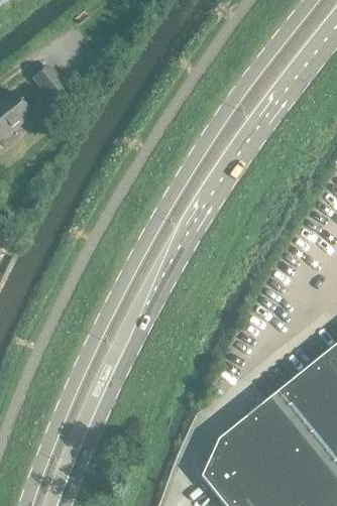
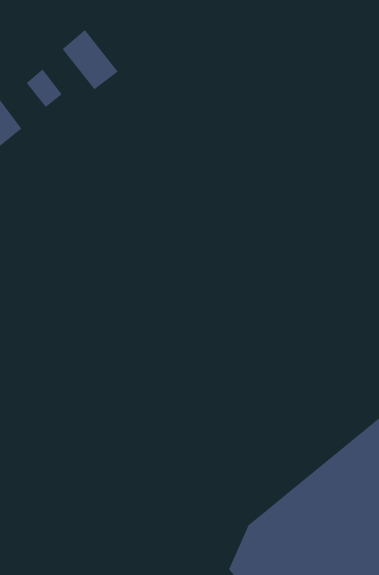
building: none -> [62,29,118,90]

